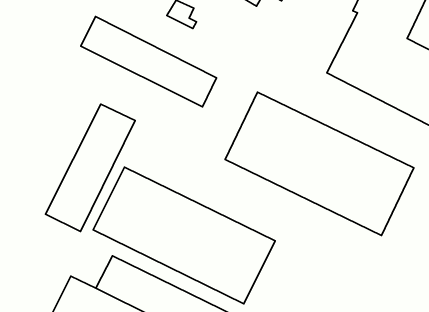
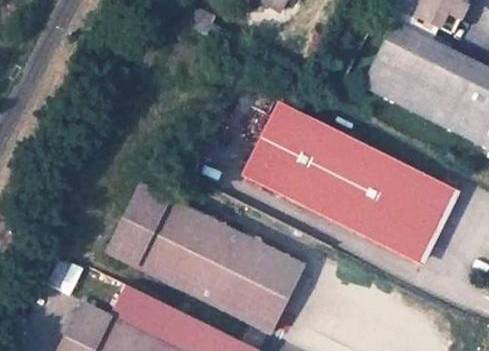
building: [81,16,216,107] -> none
building: [46,104,135,231] -> none

